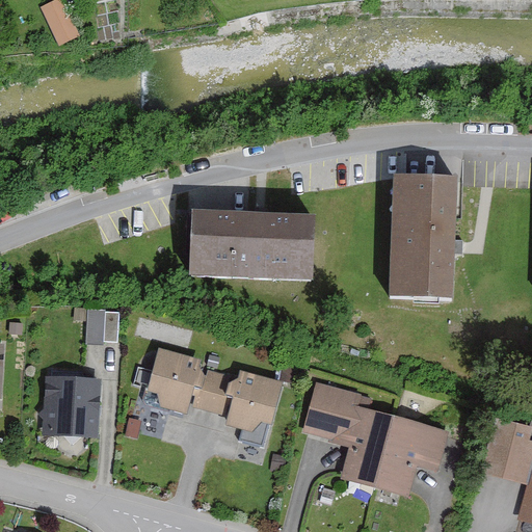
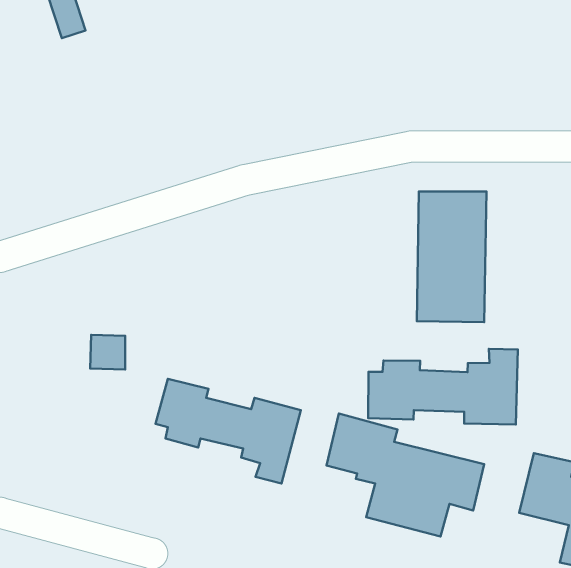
building: [188,212,310,282] -> none
building: none -> [368,349,518,425]
building: [46,378,98,434] -> none

